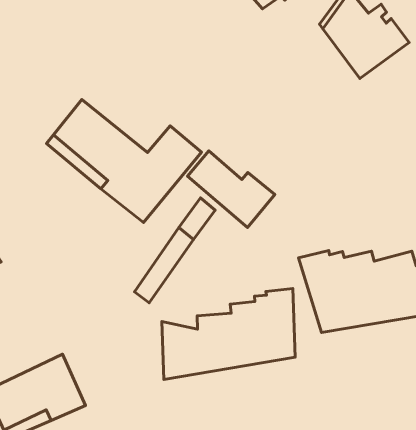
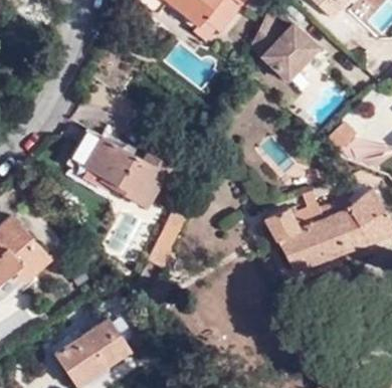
building: [187,151,275,228] -> none
building: [162,289,295,379] -> none

